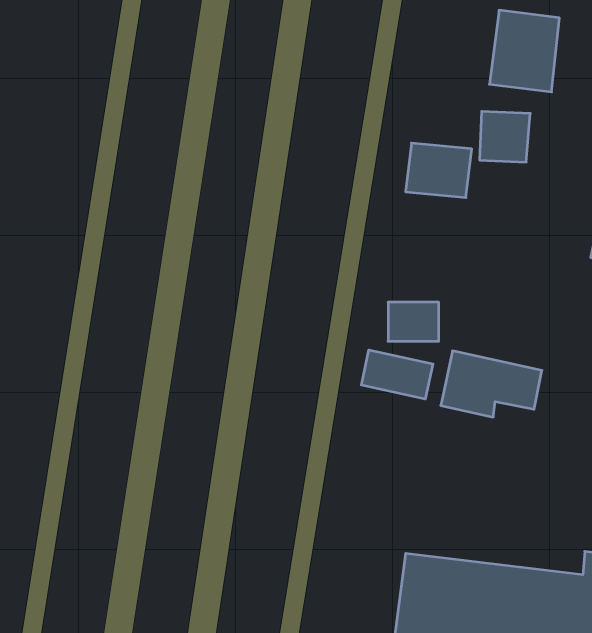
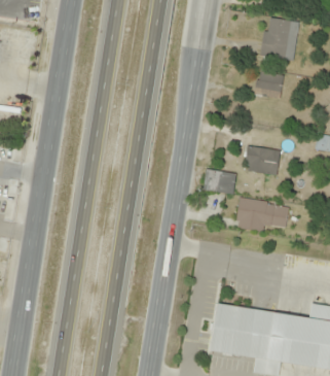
building: [406,143,472,198] -> [245,145,280,174]
building: [361,350,433,399] -> none

